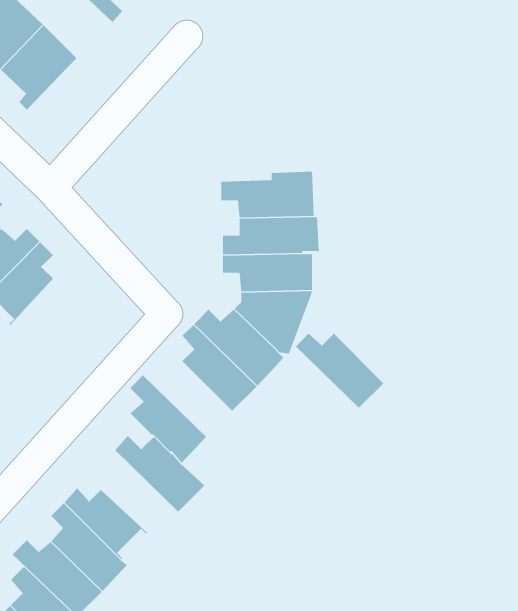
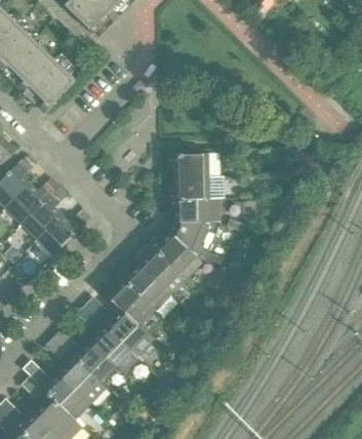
building: none -> [35,213,86,257]
building: [295,333,384,409] -> [116,264,170,310]
building: none -> [90,318,137,372]

